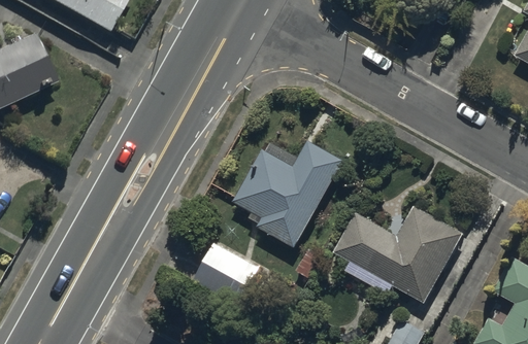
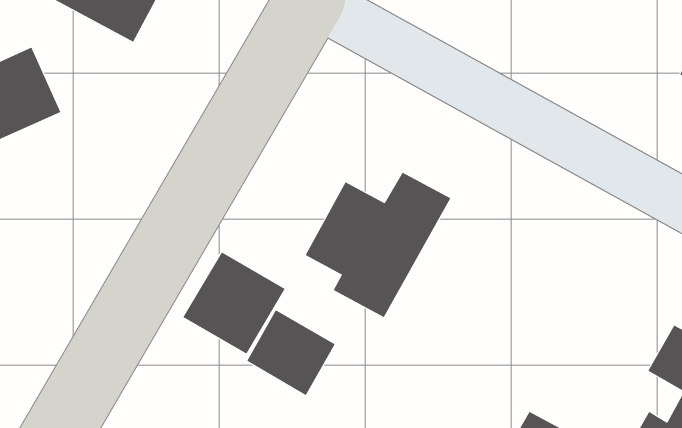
building: none -> [183,252,286,354]
building: [332,201,465,303] -> none

